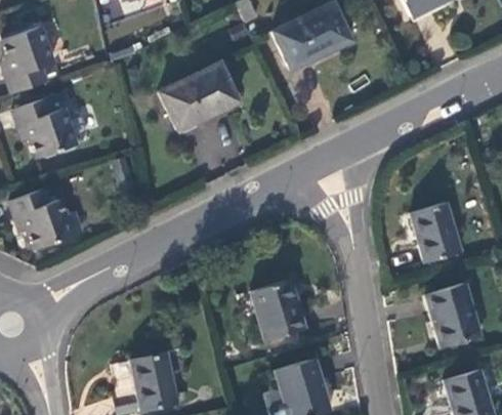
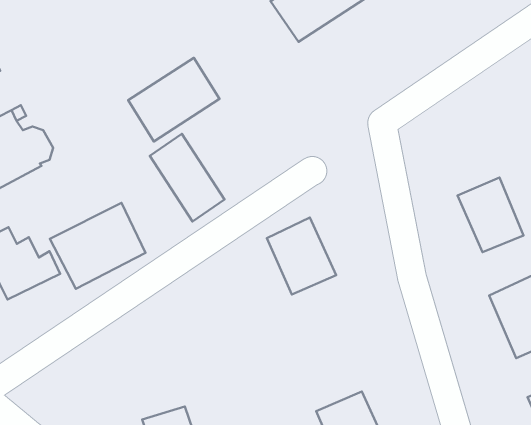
building: none -> [150,134,225,221]
building: none -> [50,203,146,289]
building: [250,279,302,339] -> [267,218,336,295]

